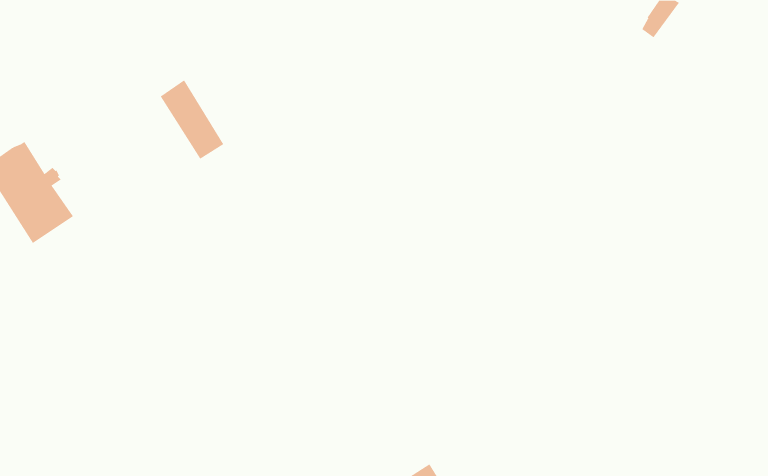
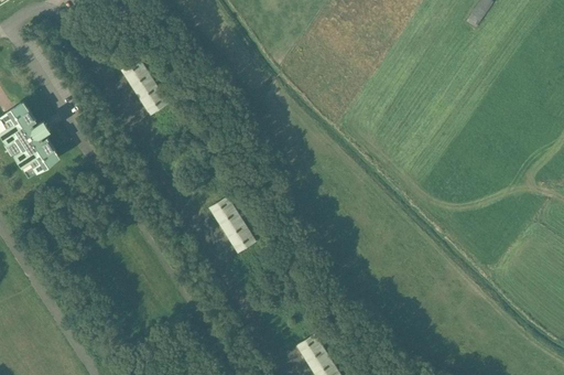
building: none -> [207,196,254,254]

